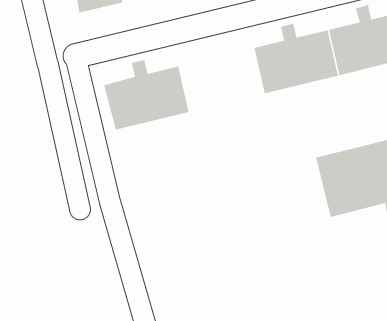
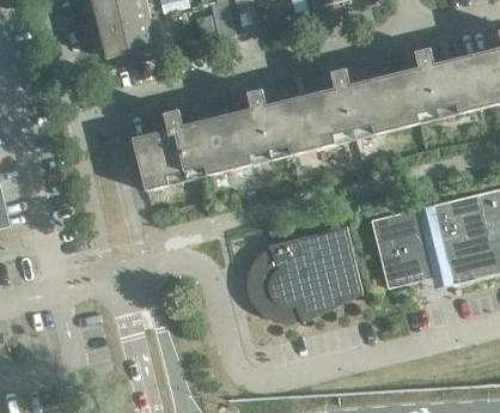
building: none -> [218,89,313,169]
building: none -> [244,225,362,323]

